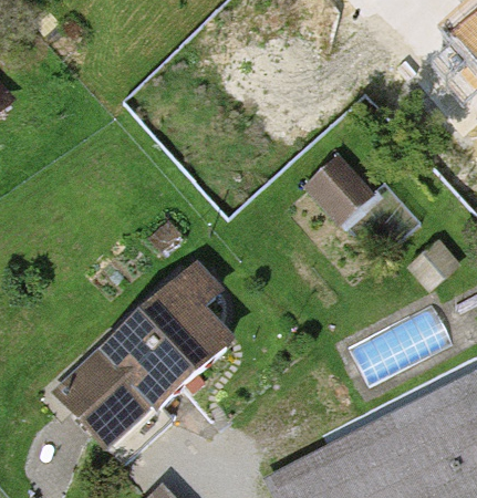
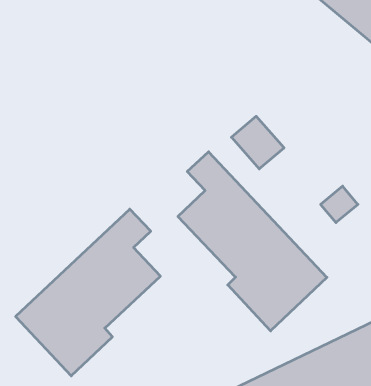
building: none -> [178,152,327,331]

